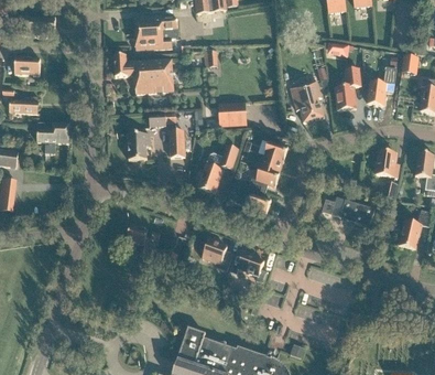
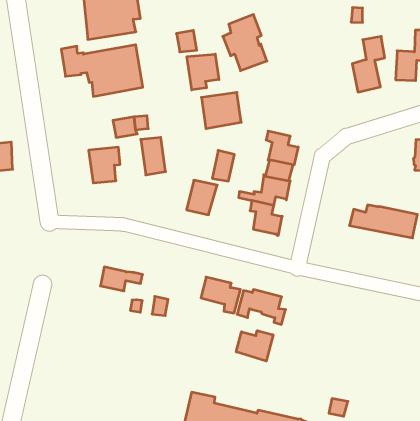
building: none -> [187,54,219,90]
building: [292,81,324,122] -> [223,15,267,71]
building: none -> [236,331,273,361]

